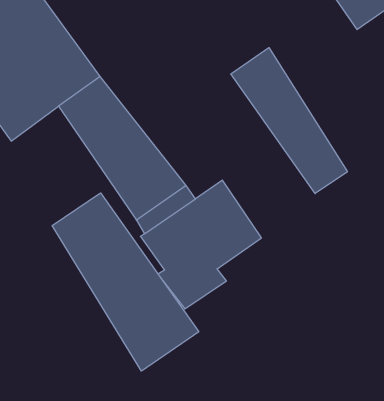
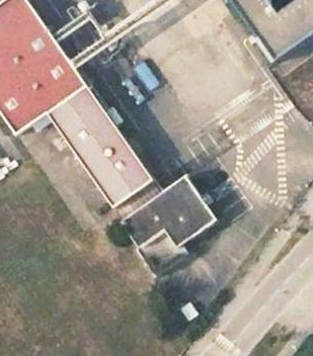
building: [231,48,347,194] -> none
building: [52,193,199,371] -> none

